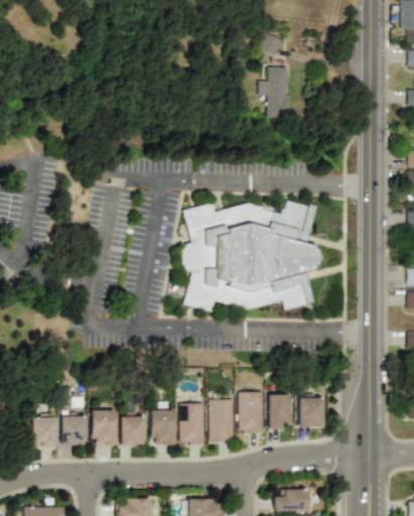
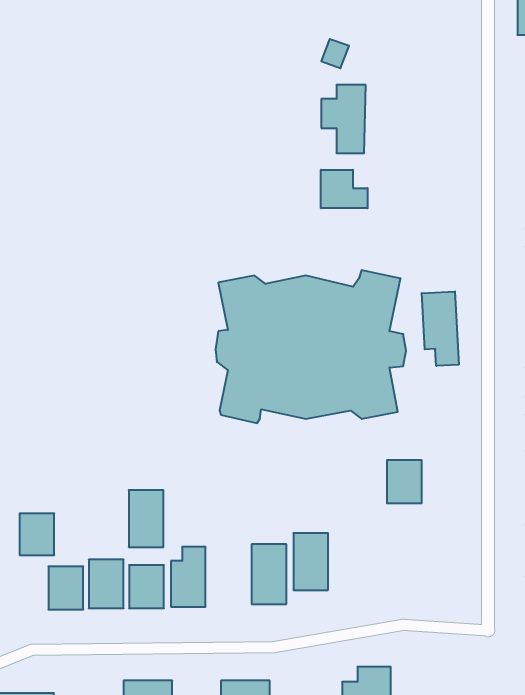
building: none -> [321,170,368,208]
building: none -> [422,291,459,366]
building: [268,394,290,428] -> none
building: [298,396,323,427] -> [387,460,422,503]
building: [179,403,204,444] -> [129,490,163,547]
building: [31,416,56,446] -> [20,513,54,555]

